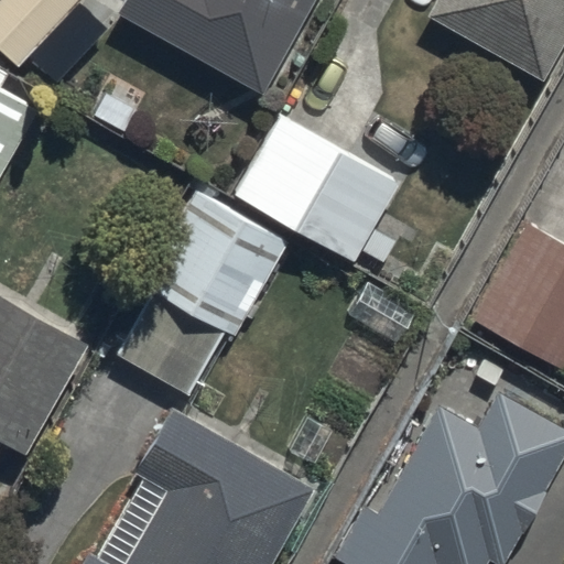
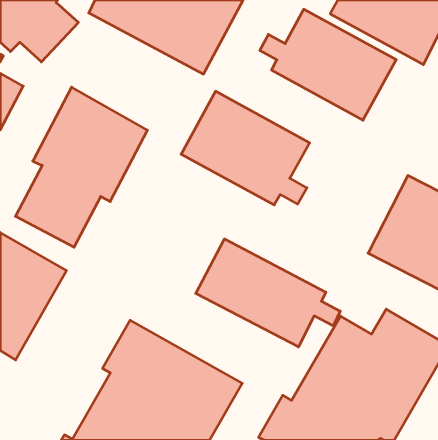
building: none -> [260,9,396,120]
building: [117,189,285,394] -> [15,87,147,247]
building: none -> [196,239,340,347]

